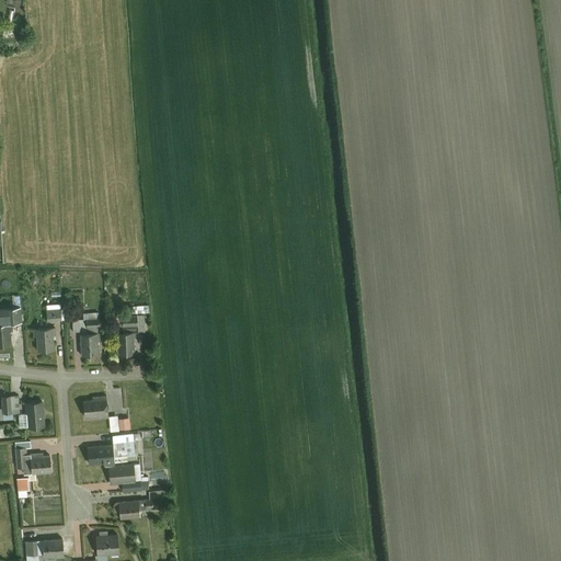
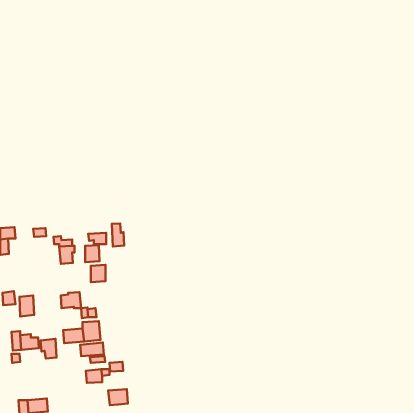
building: none -> [112,224,124,247]
building: [33,329,56,352] -> none
building: none -> [91,265,106,282]
building: none -> [41,339,57,358]
building: [94,534,121,556] -> [108,389,128,405]

